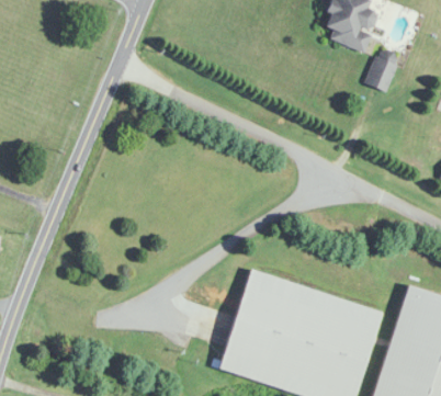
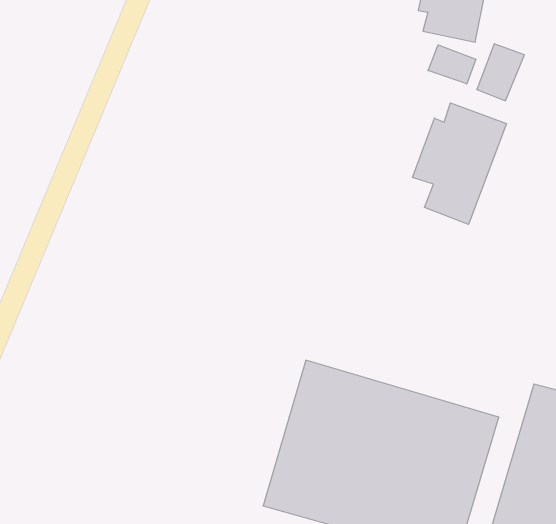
building: none -> [428,45,476,84]
building: none -> [413,103,507,224]

